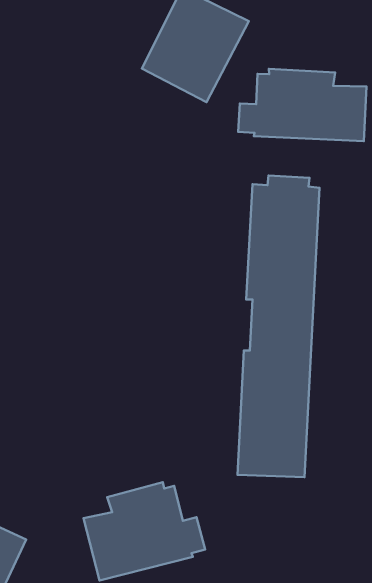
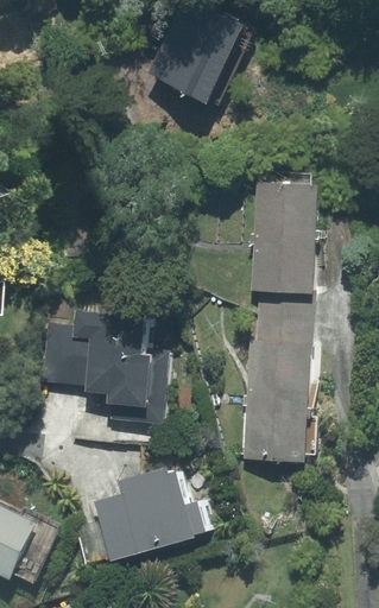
building: [238,69,367,141] -> none
building: none -> [43,310,172,425]

